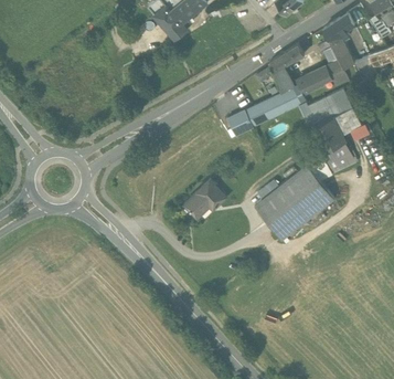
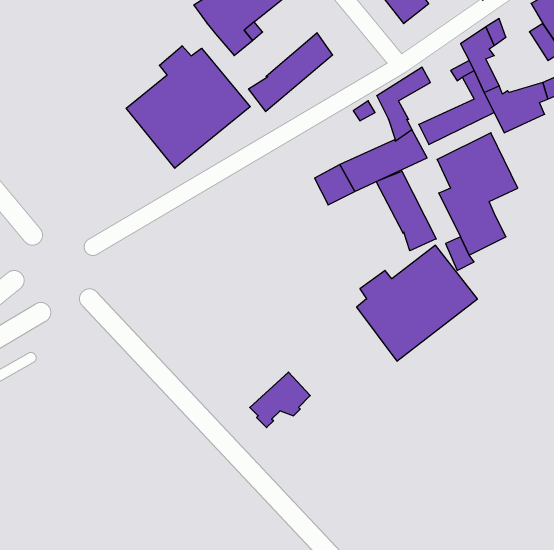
building: none -> [249,33,333,112]
building: none -> [126,46,250,168]
building: none -> [376,171,436,251]
building: [187,178,226,214] -> [250,372,310,428]

